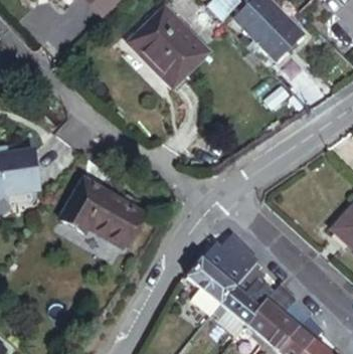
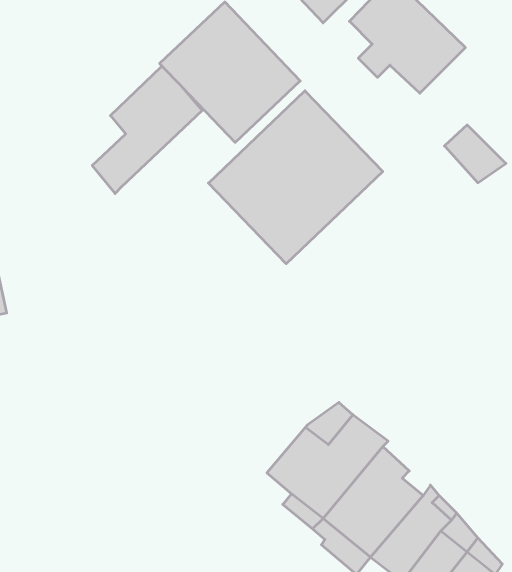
building: none -> [92,66,202,194]
building: none -> [208,91,383,264]
building: [71,178,140,240] -> none

